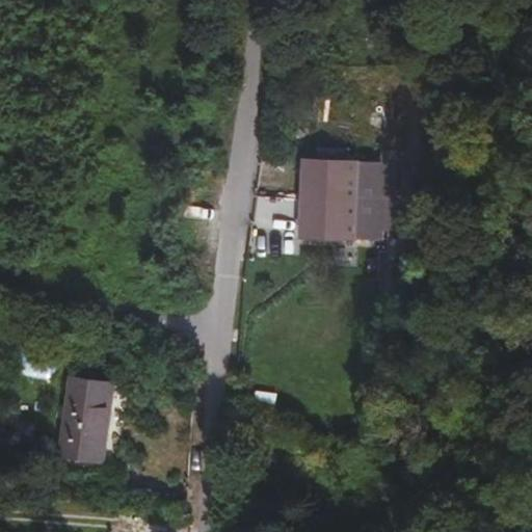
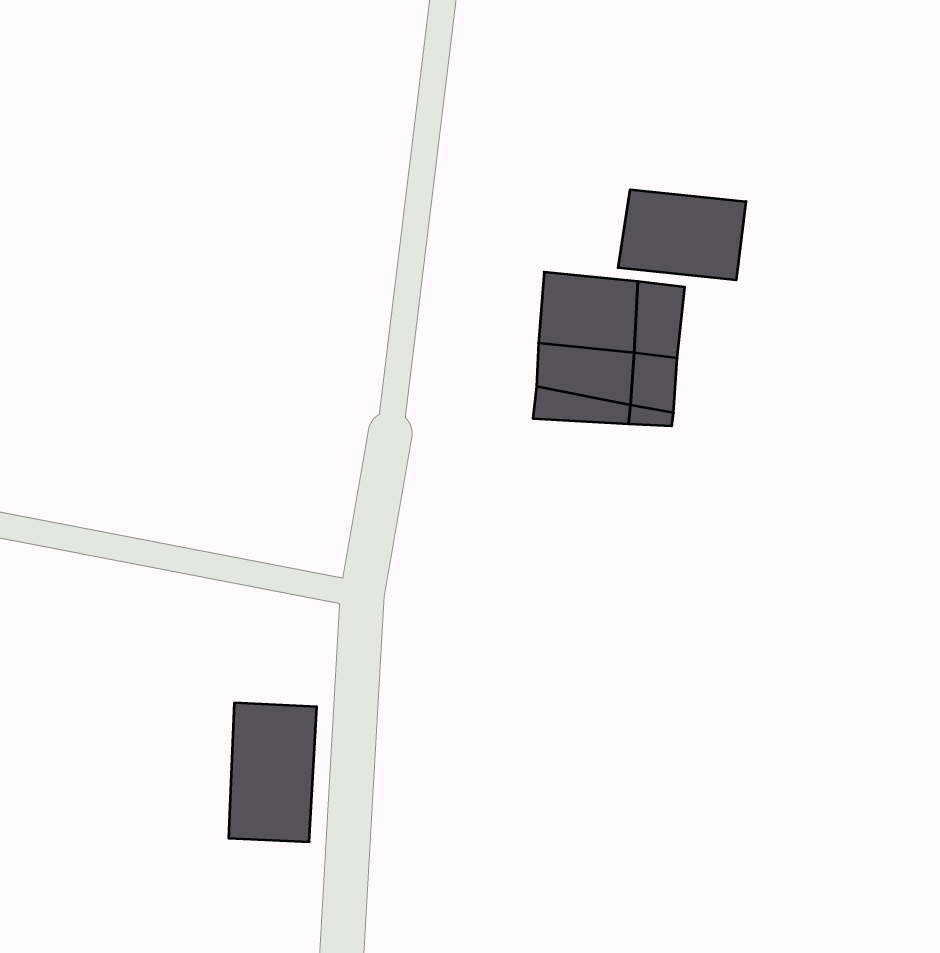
building: none -> [618,190,746,280]
building: [66,389,115,466] -> [229,703,317,842]

